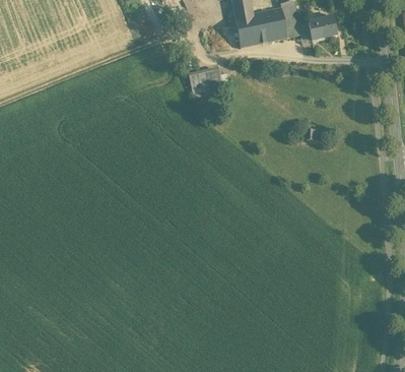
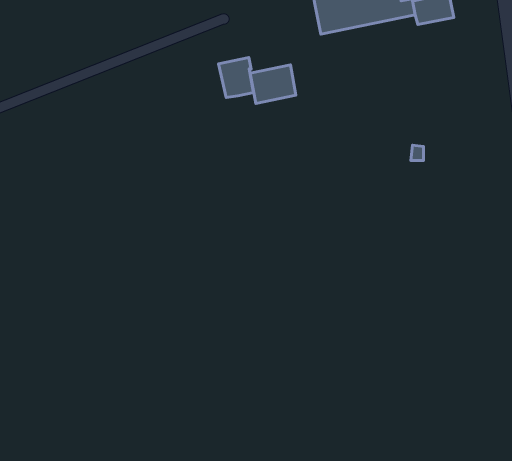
building: none -> [218,57,254,98]

